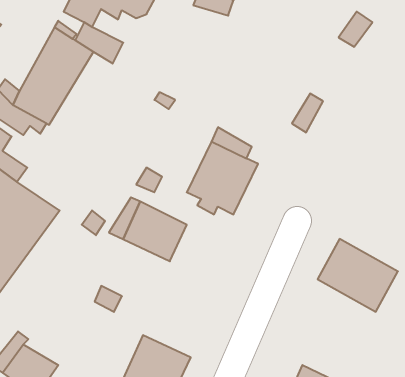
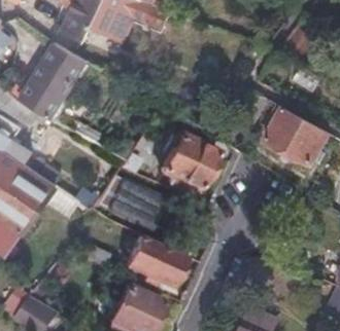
building: [318,239,398,312] -> [264,109,328,167]
building: none -> [126,236,183,288]

